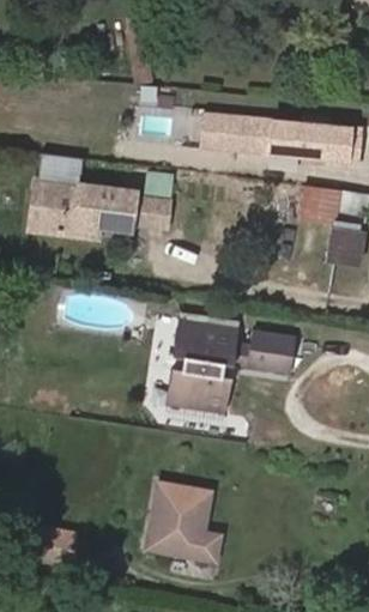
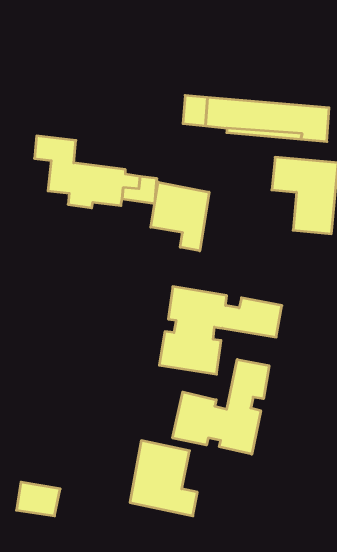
building: [35,182,102,241] -> none
building: none -> [151,182,209,251]
building: none -> [173,359,269,454]

